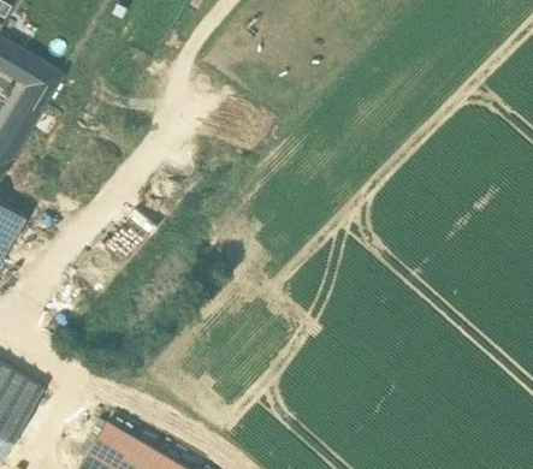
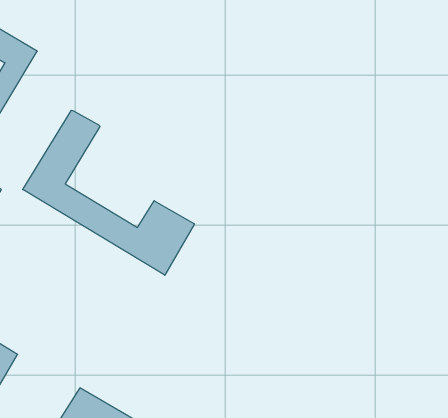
building: none -> [23,110,194,275]

